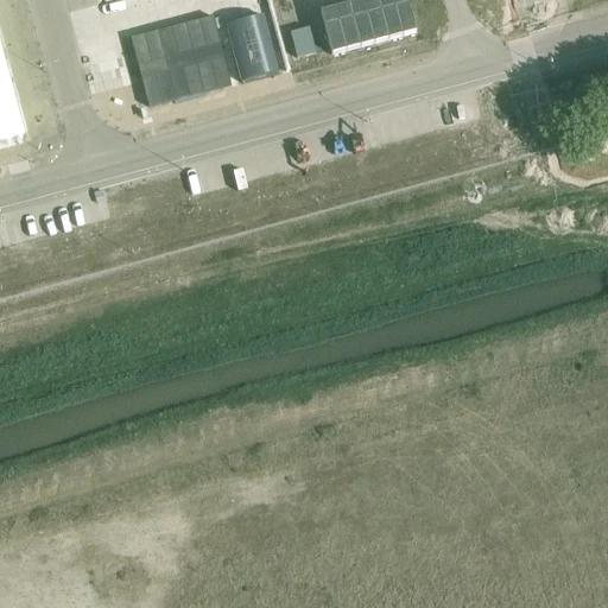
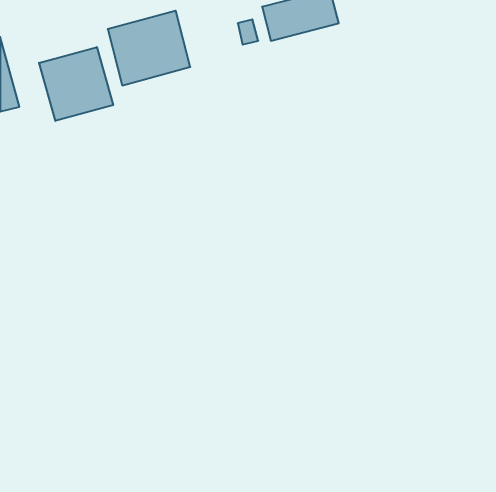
building: [226,12,278,80] -> none
building: none -> [39,47,113,121]

